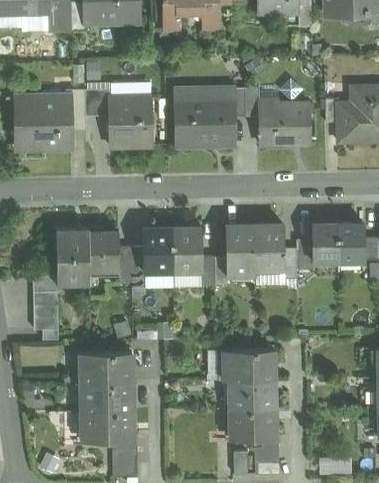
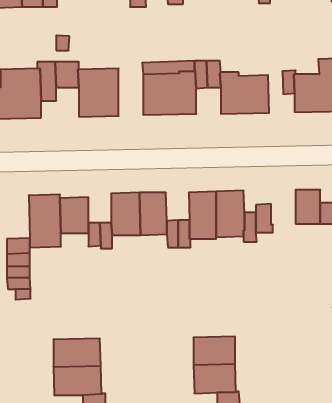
building: [311,224,338,261] -> none
building: [210,349,274,380] -> none
building: [81,351,131,382] -> none

